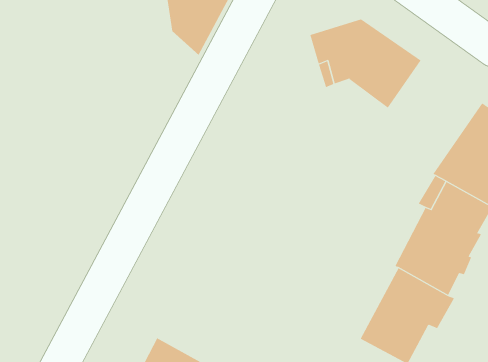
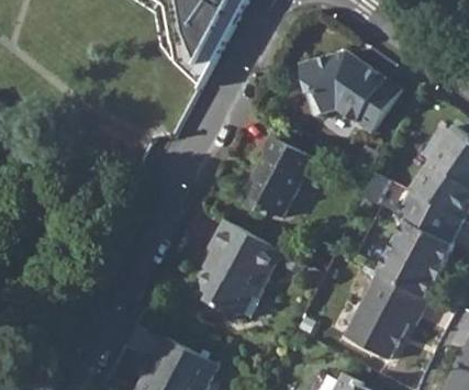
building: none -> [239,135,313,218]
building: none -> [199,220,282,316]

